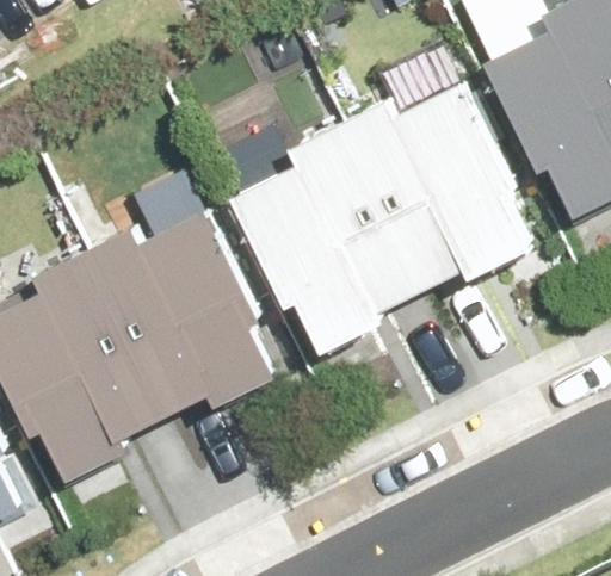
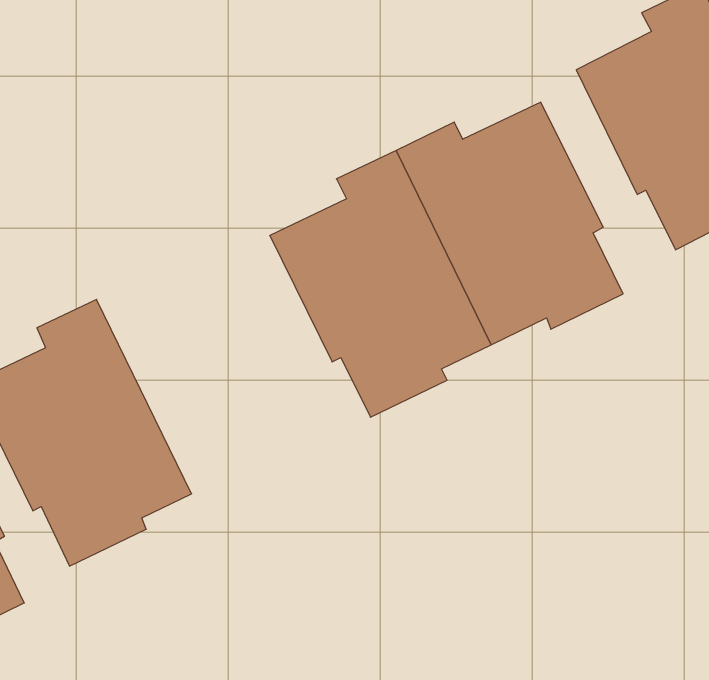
building: [85,213,276,417] -> none

